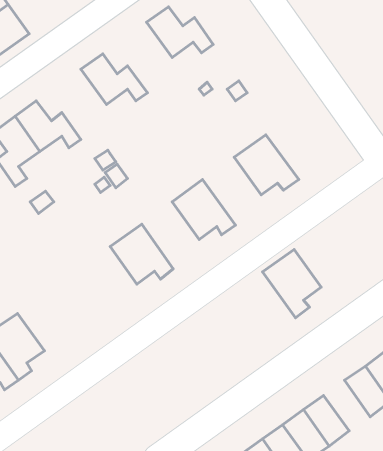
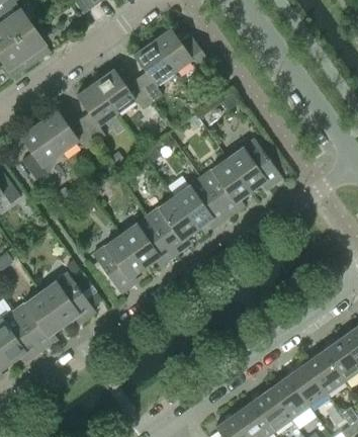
building: none -> [133,41,174,102]
building: none -> [77,82,117,143]
building: none -> [148,196,197,254]
building: none -> [93,235,144,293]
building: [263,250,321,318] -> [200,158,251,216]
building: none -> [40,272,95,325]
building: none -> [304,350,345,394]

